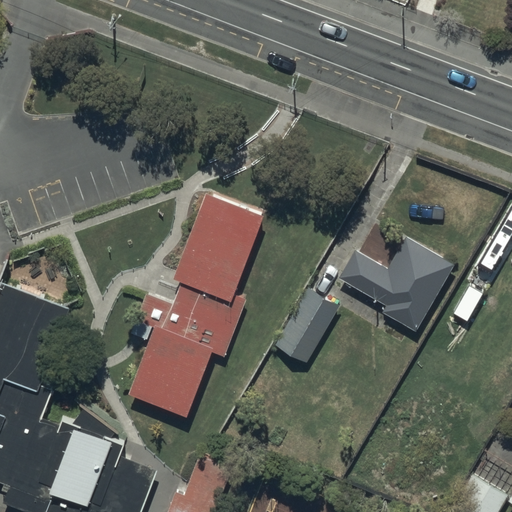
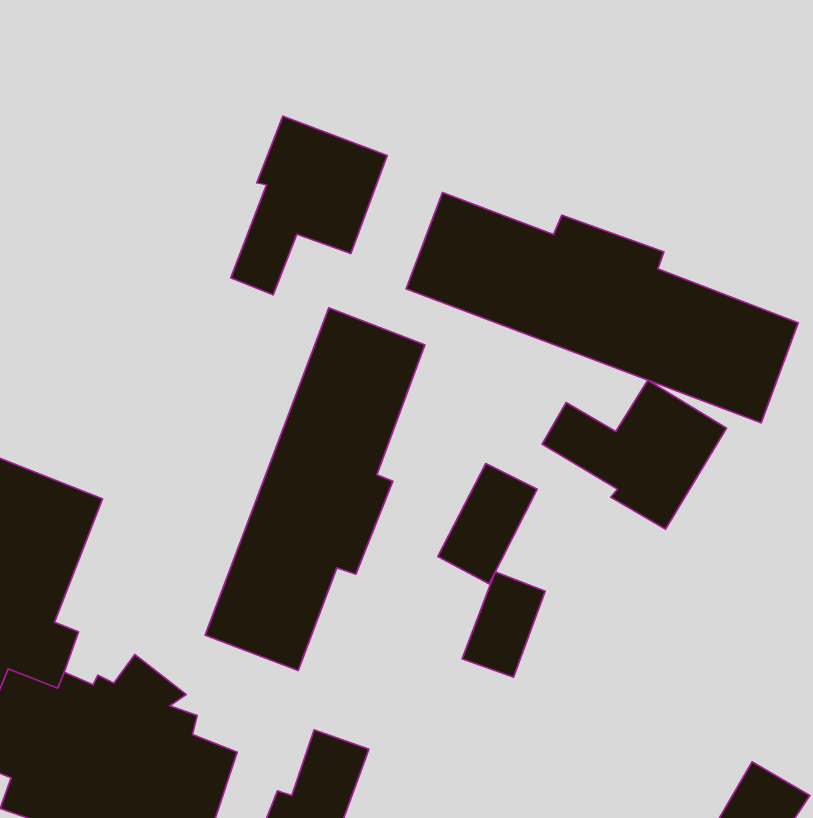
building: none -> [231,116,387,295]
building: none -> [406,192,798,423]
building: none -> [462,572,545,677]

